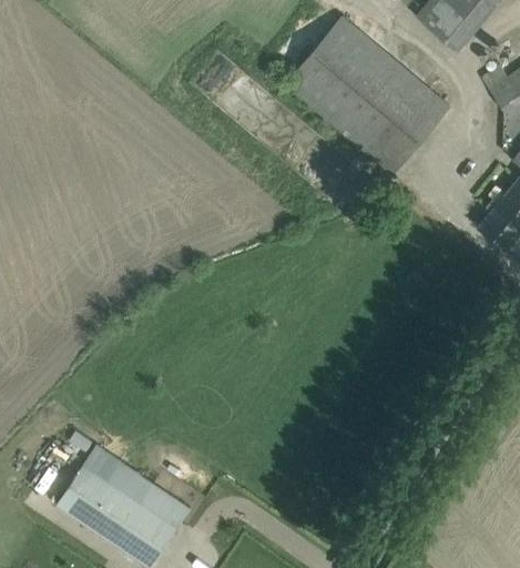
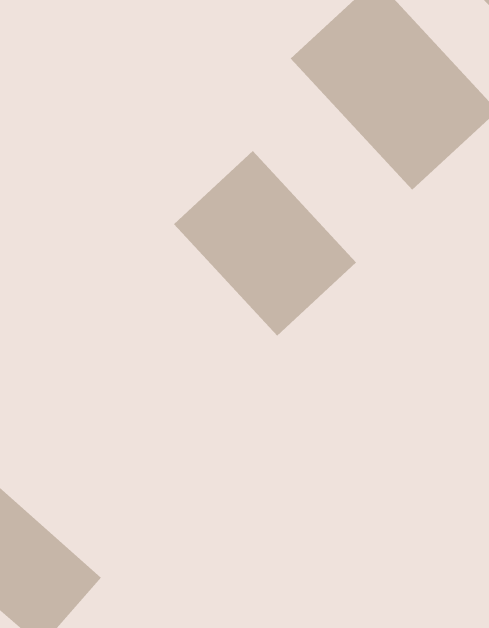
building: none -> [173,150,357,337]

